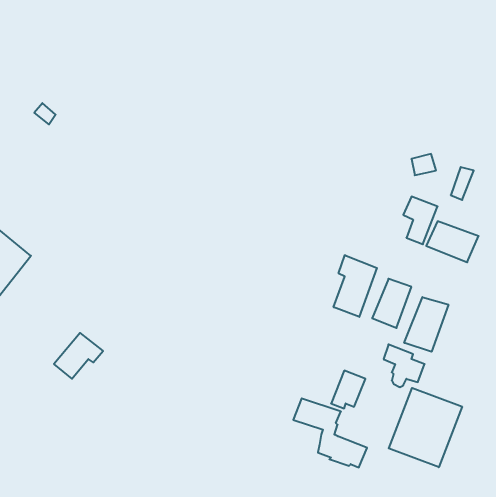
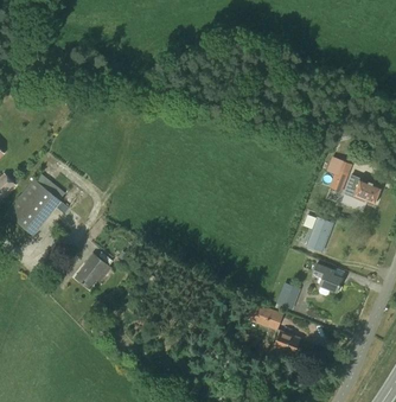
building: [334,255,377,317] -> none
building: [404,297,448,352] -> none
building: [389,388,462,467] -> none

